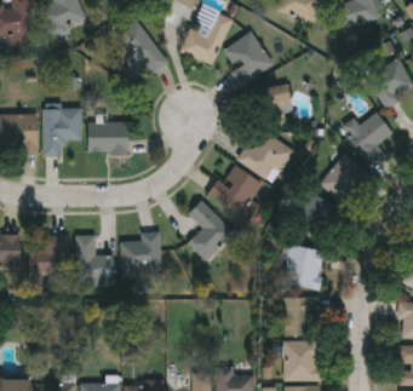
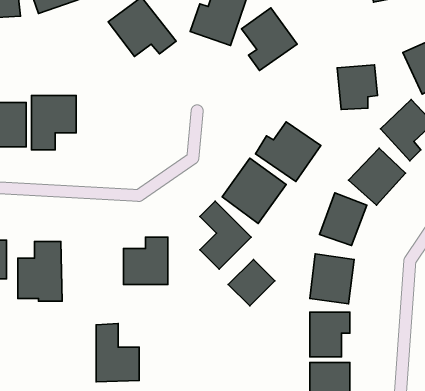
building: [257,86,292,125] -> [337,65,377,109]
building: [88,121,128,153] -> none
building: [76,234,114,284] -> [96,324,139,382]
building: none -> [228,259,275,306]

